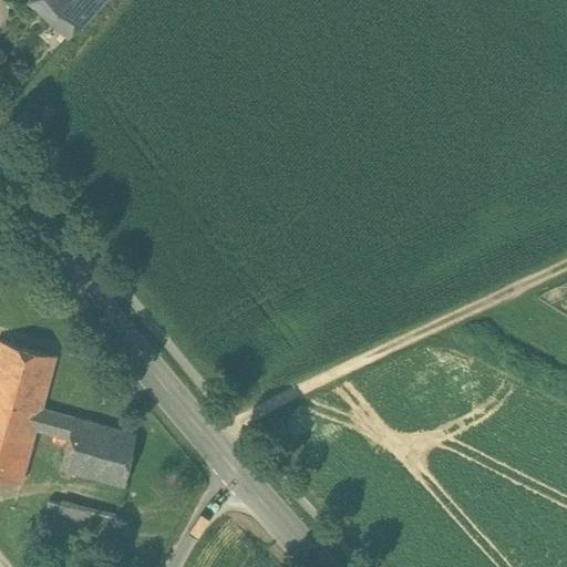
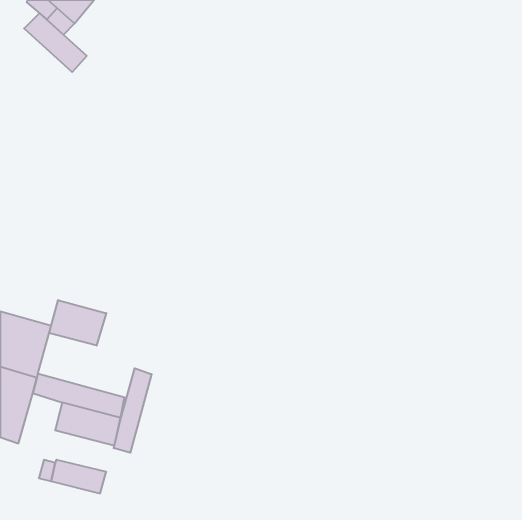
building: none -> [24,13,87,72]
building: none -> [49,300,106,346]
building: none -> [114,368,152,453]

